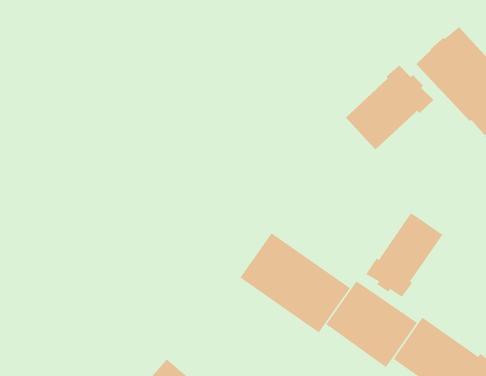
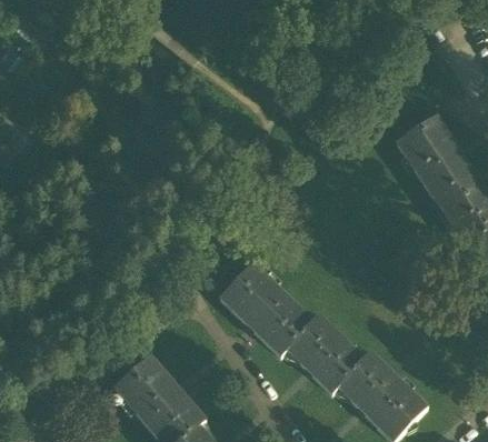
building: [345,64,434,150] -> none
building: [365,213,443,298] -> none

